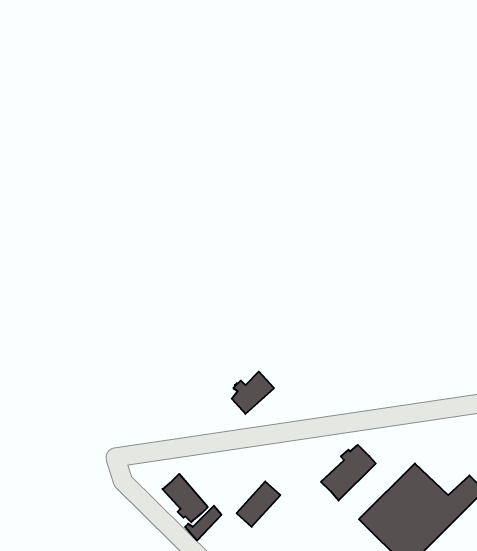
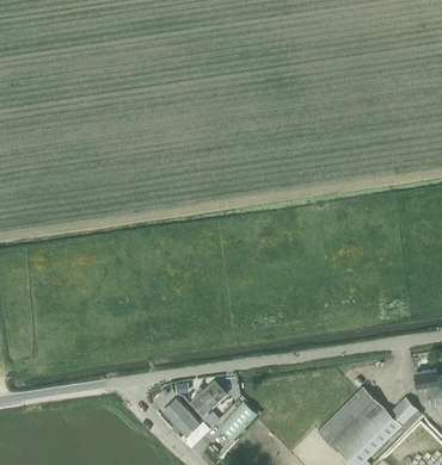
building: [232,372,274,414] -> [194,380,227,414]
building: [321,445,376,501] -> none

